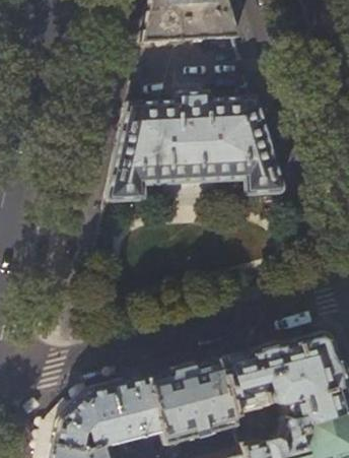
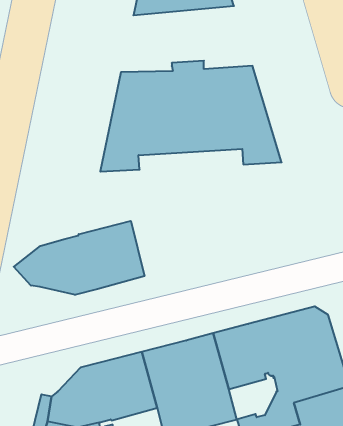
building: none -> [14,221,144,295]

